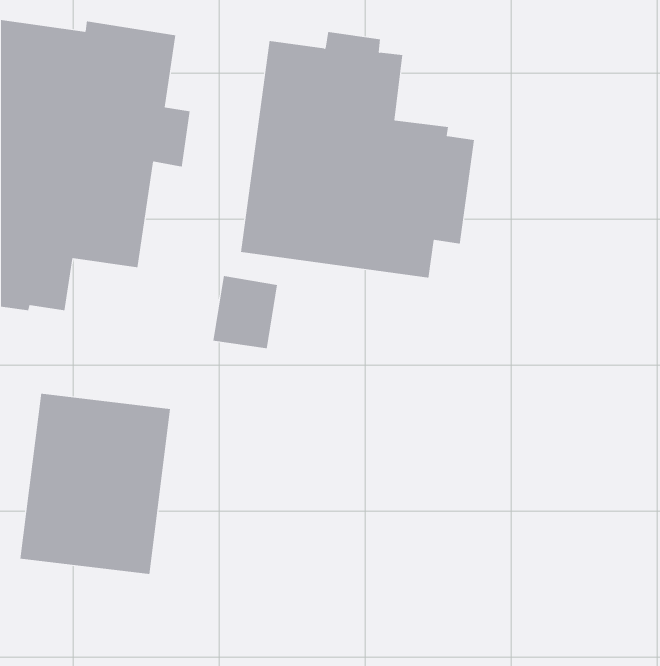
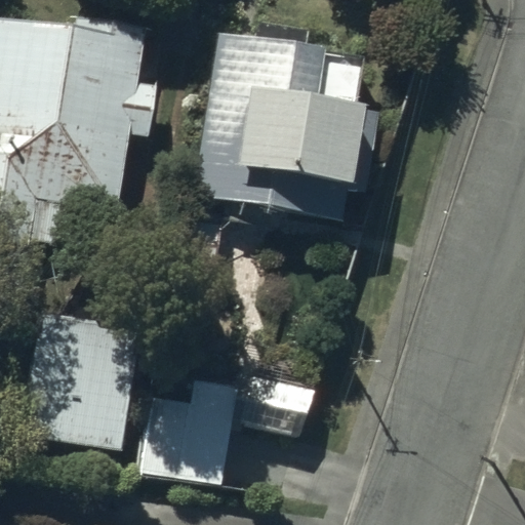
building: none -> [137,377,240,488]

